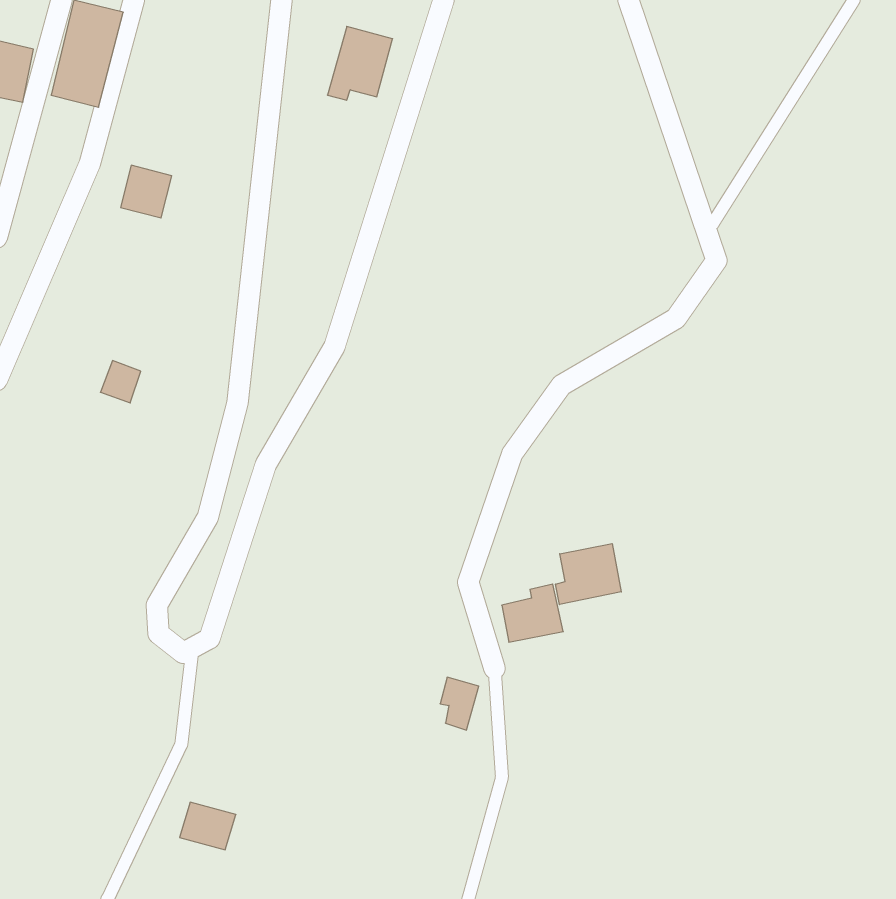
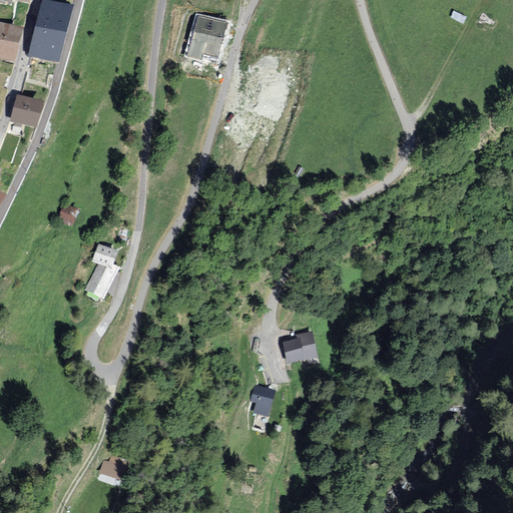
building: [121,165,172,218] -> [11,96,40,126]
building: none -> [84,244,116,298]
building: [556,544,621,605] -> none

